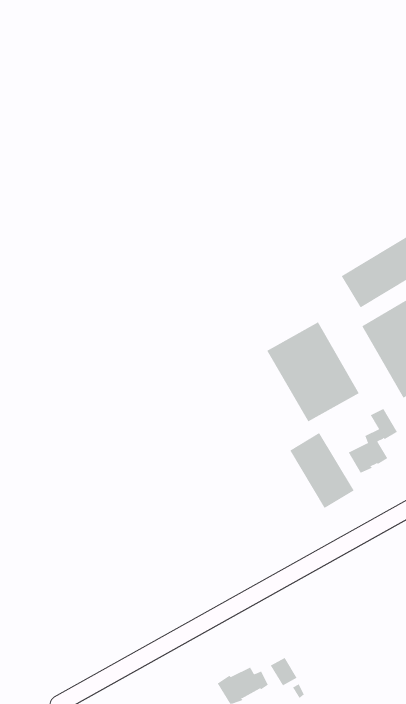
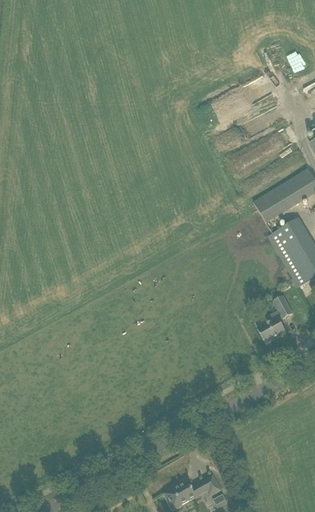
building: [267,321,360,422] -> none
building: [289,432,355,509] -> none

